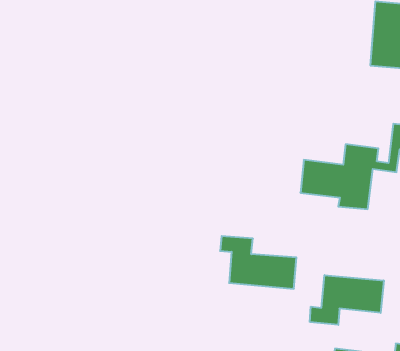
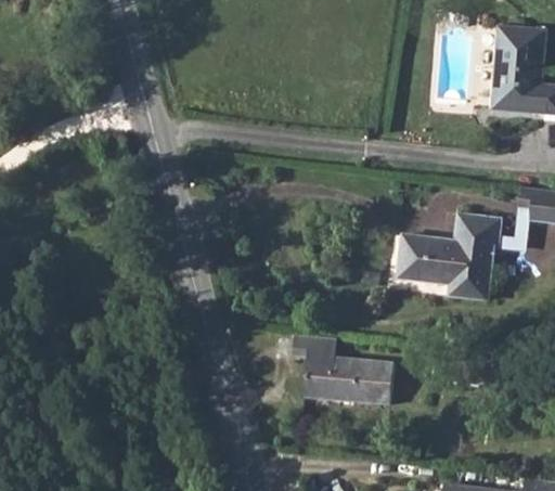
building: [310,275,384,325] -> none

